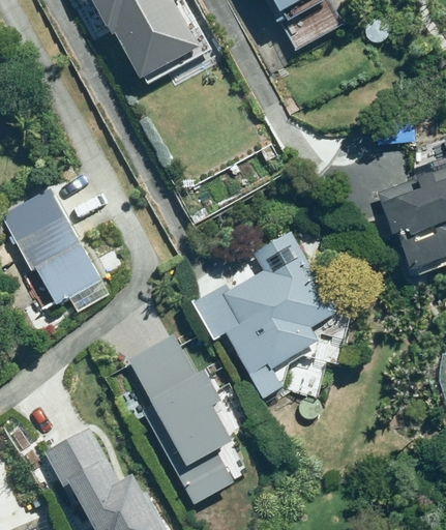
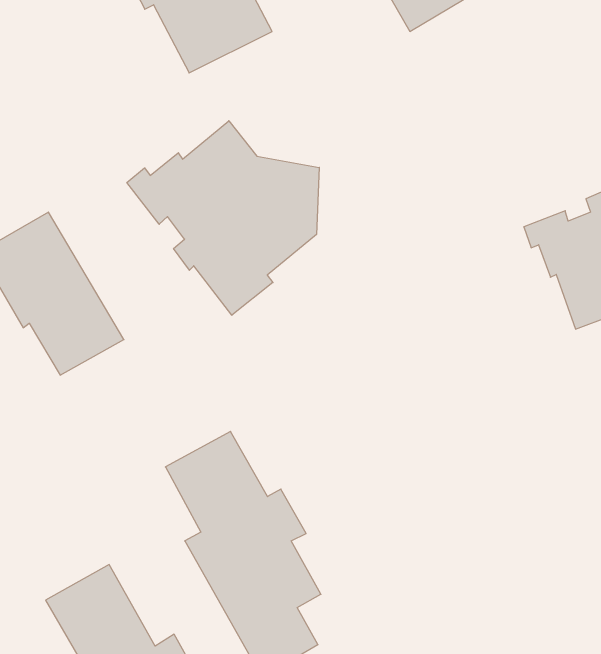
building: none -> [127,121,319,315]
building: [192,231,343,405] -> none

